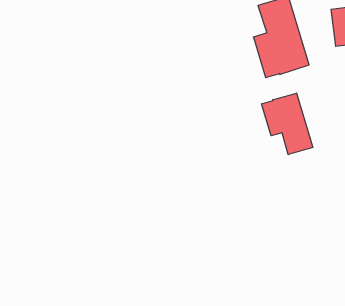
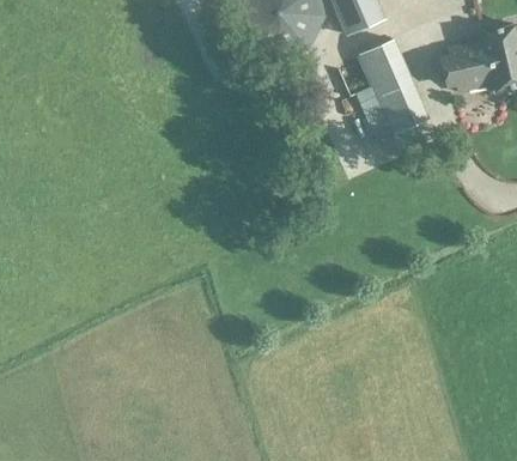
building: [262,93,313,155] -> none

